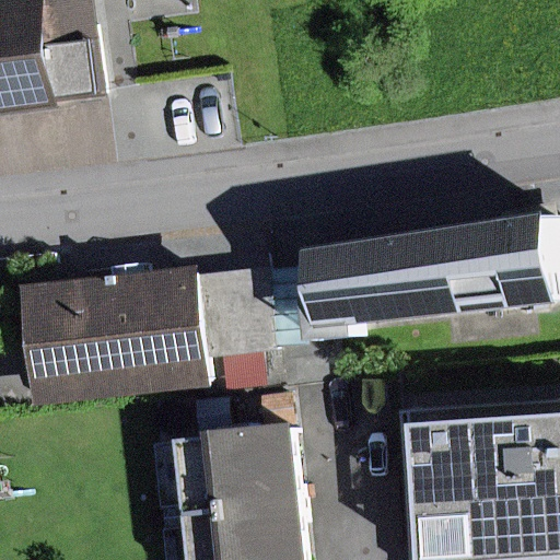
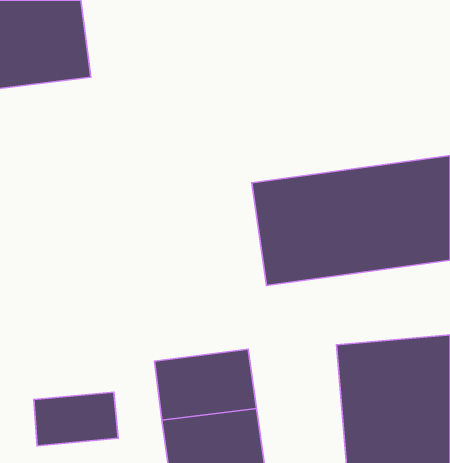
building: [24,264,210,405] -> none
building: none -> [34,392,118,446]

